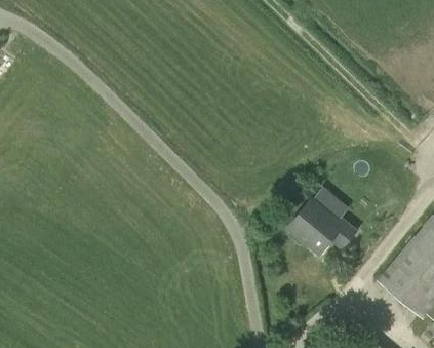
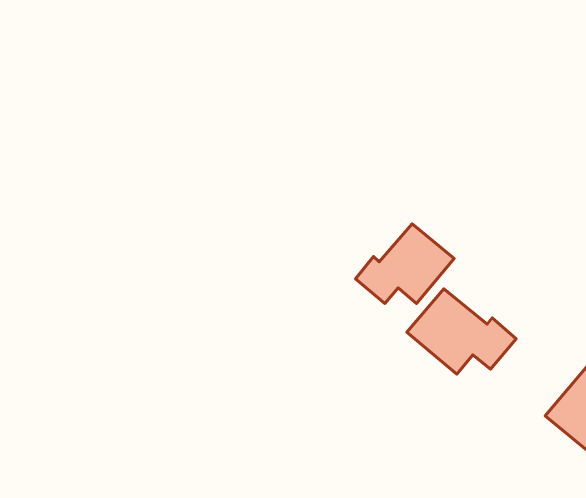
building: none -> [356,224,454,303]

